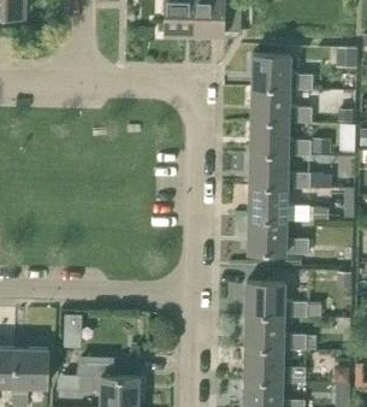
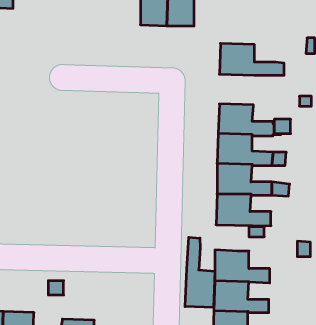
building: [251,89,312,124] -> none
building: none -> [185,237,215,308]

